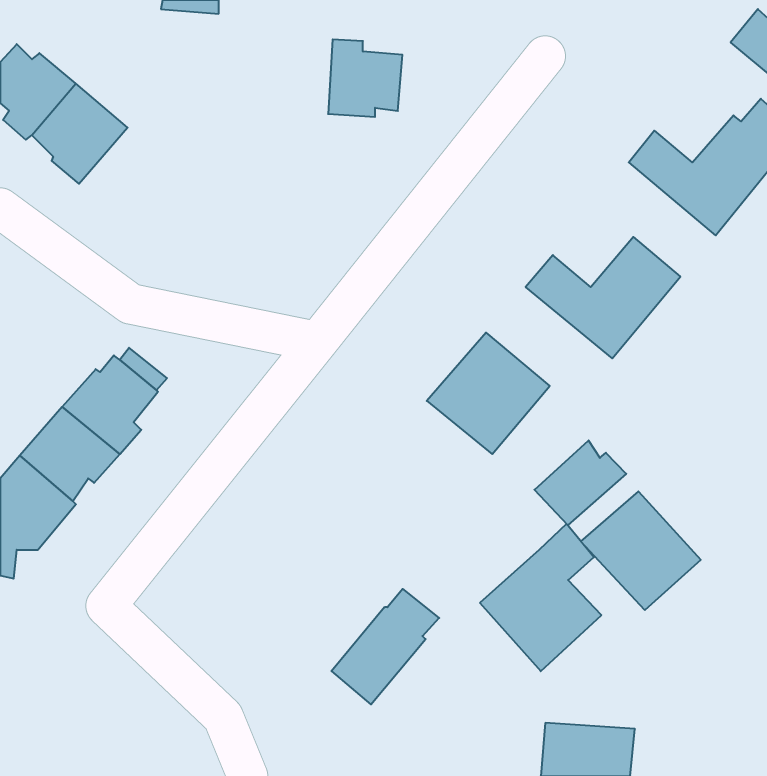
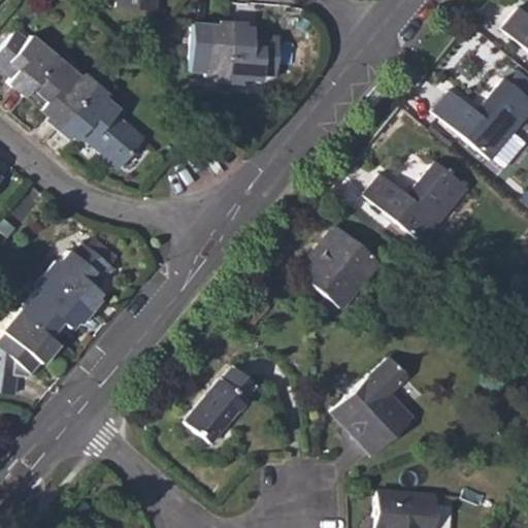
building: none -> [189,24,232,77]
building: none -> [60,87,145,167]
building: [534,440,626,525] -> none
building: [581,491,701,610] -> none
building: [331,589,439,704] -> [184,366,257,444]

